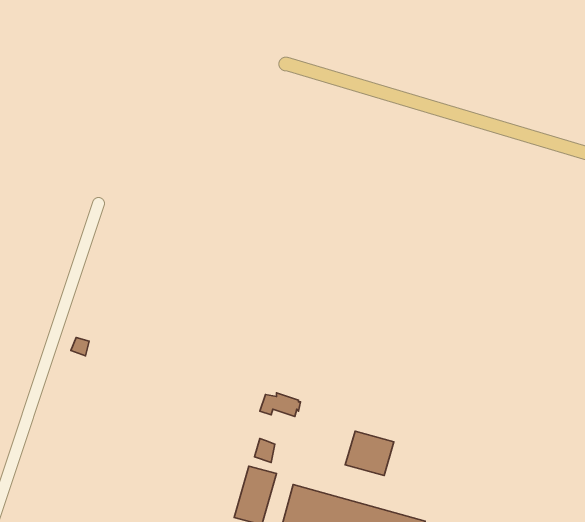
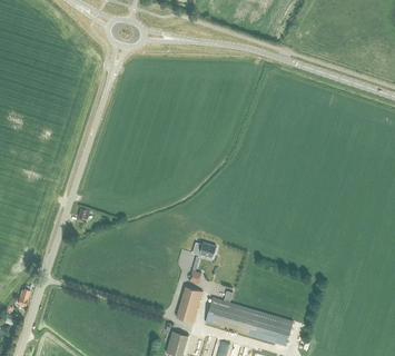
building: [345,431,394,476] -> none

